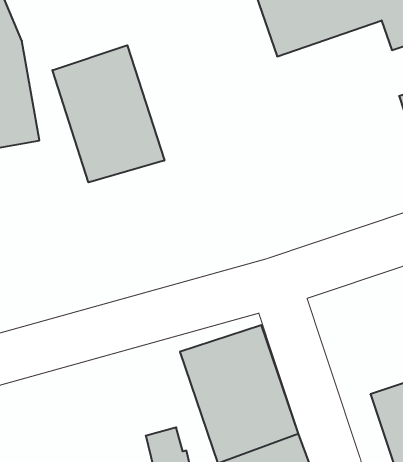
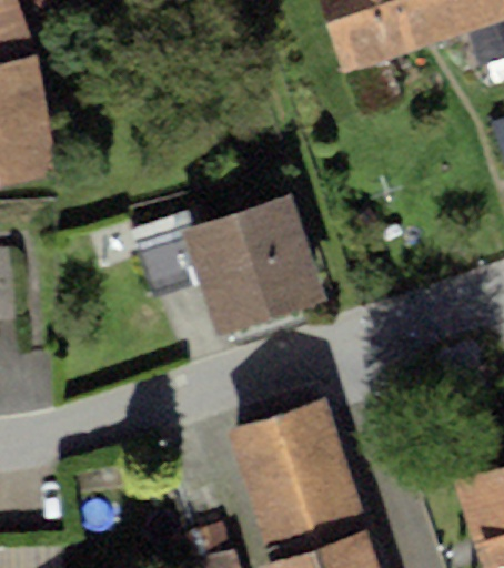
building: [52,45,164,182] -> none
building: none -> [130,195,326,339]

